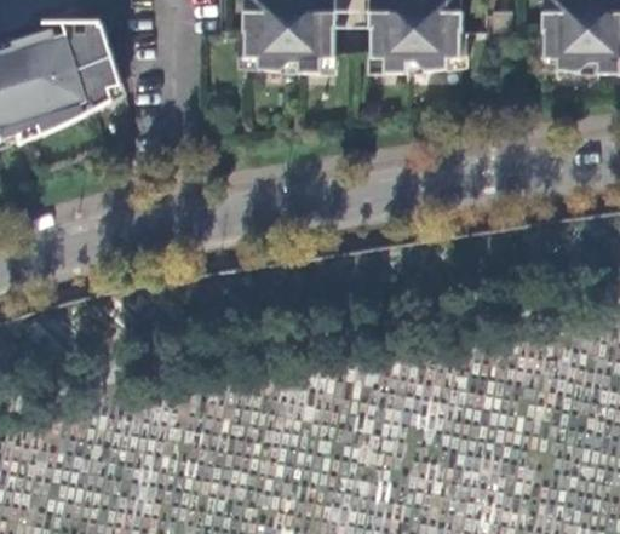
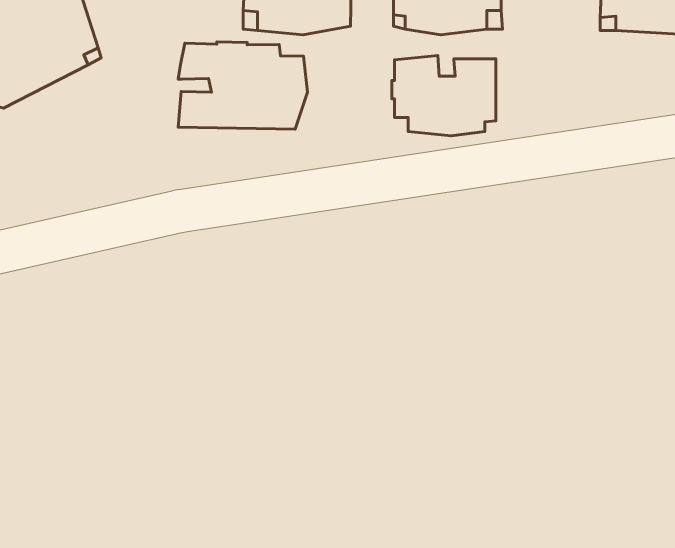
building: none -> [178,42,307,129]
building: none -> [392,56,496,136]

